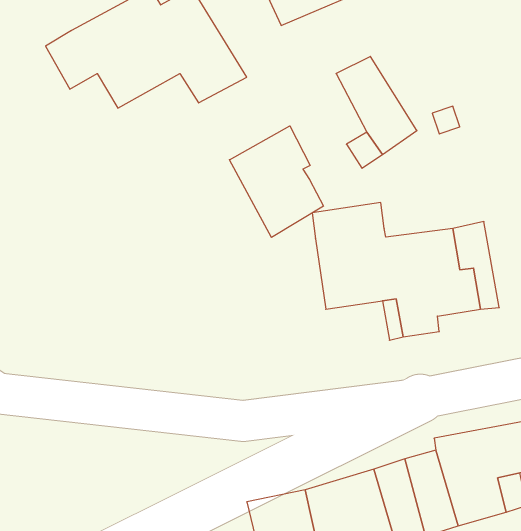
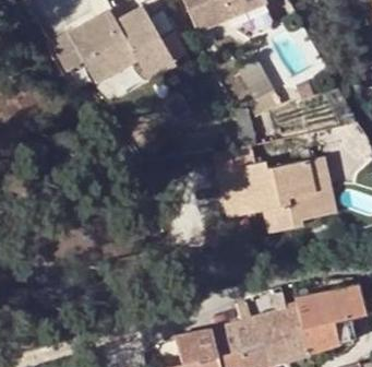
building: [229,126,323,237] -> none

